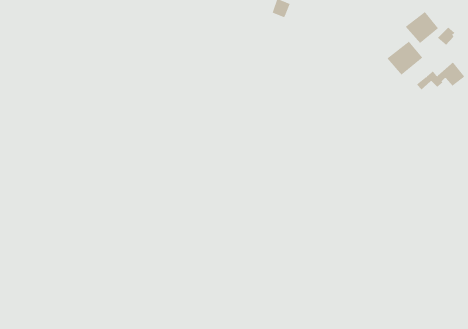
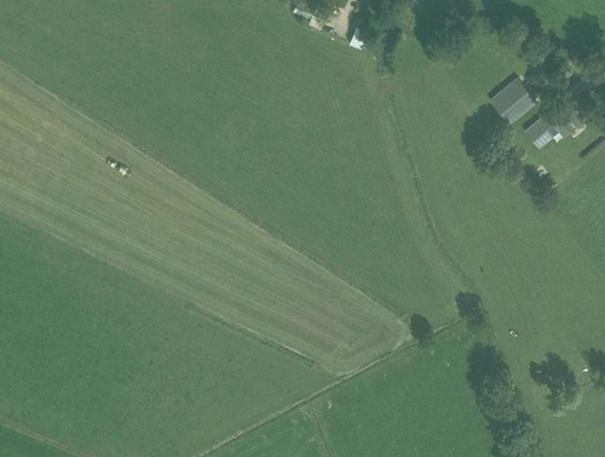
building: [405,11,439,44] -> none

